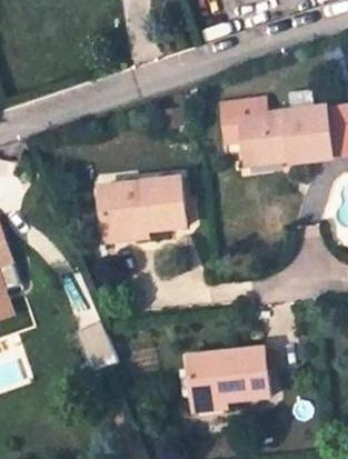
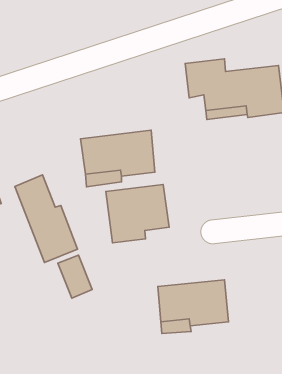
building: none -> [15,175,78,262]
building: none -> [106,184,169,243]

